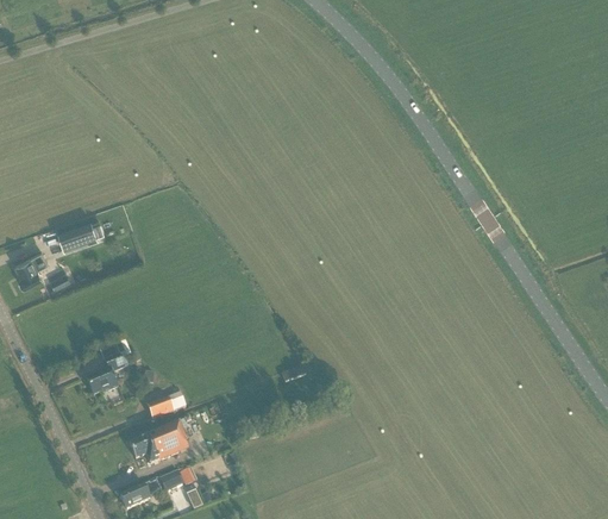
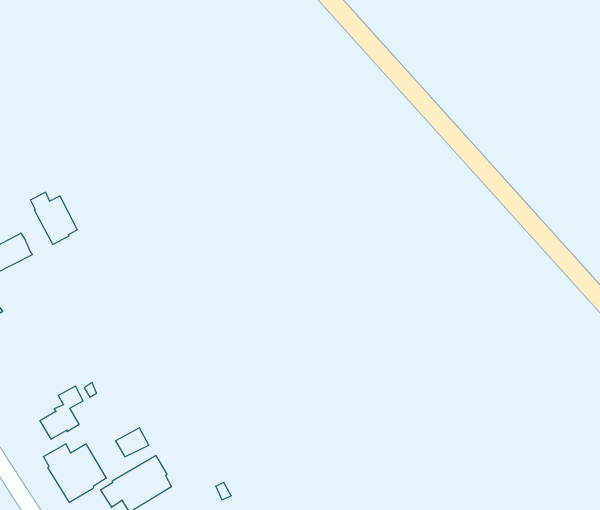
building: none -> [30,192,77,245]
building: none -> [43,444,106,503]

